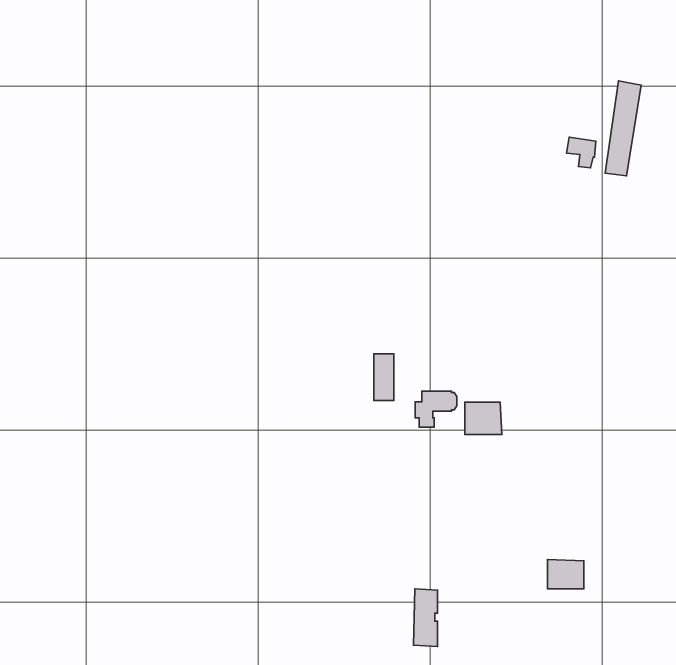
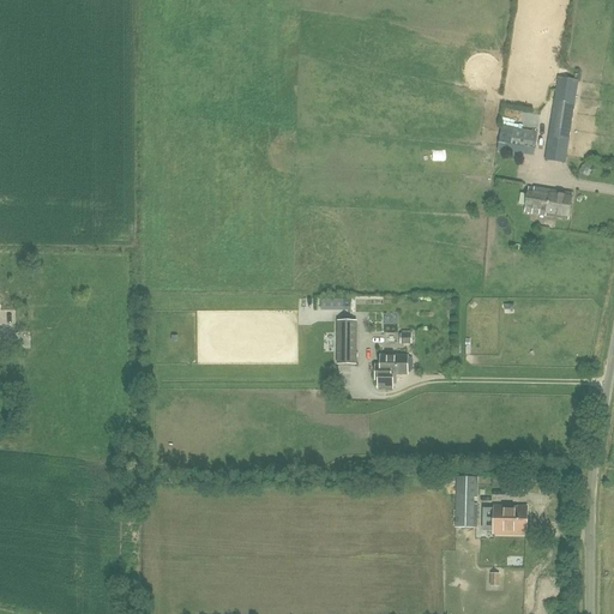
building: none -> [524,185,571,216]
building: [465,402,502,435] -> none
building: [414,589,438,646] -> [455,474,476,525]

